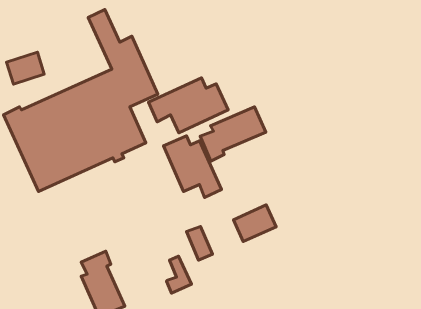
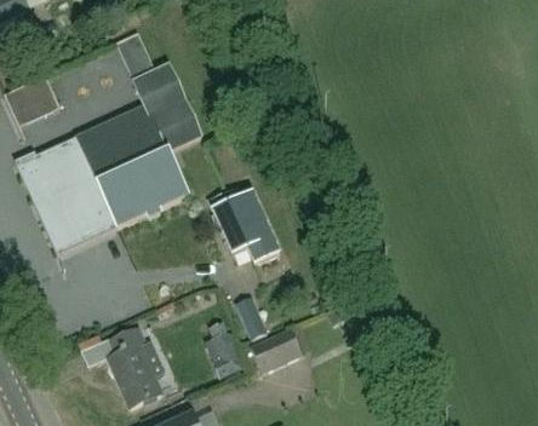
building: [148,78,228,133] -> none
building: [200,107,266,161] -> none
building: [233,205,276,242] -> [250,327,302,372]

